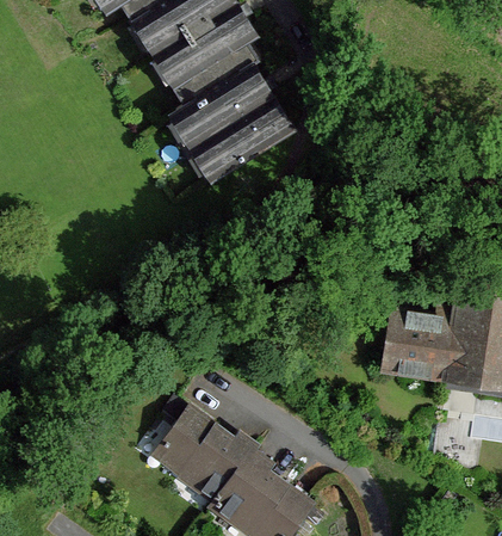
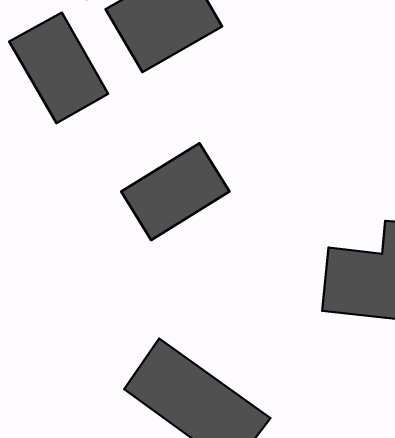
building: none -> [9,12,108,123]
building: [172,68,297,180] -> [121,143,229,240]

